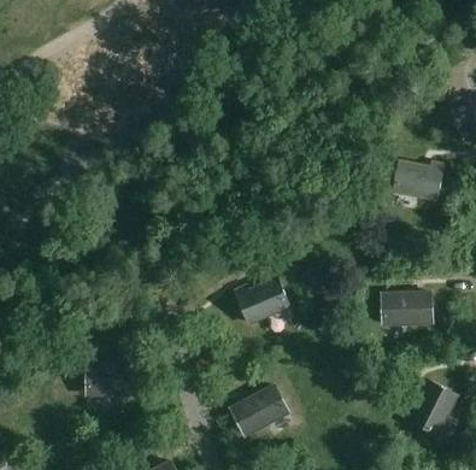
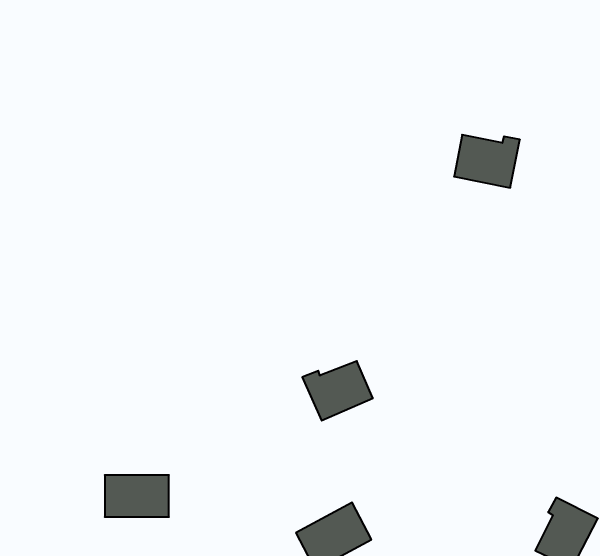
building: [394,160,443,200] -> [454,135,520,188]
building: [383,292,433,324] -> none

